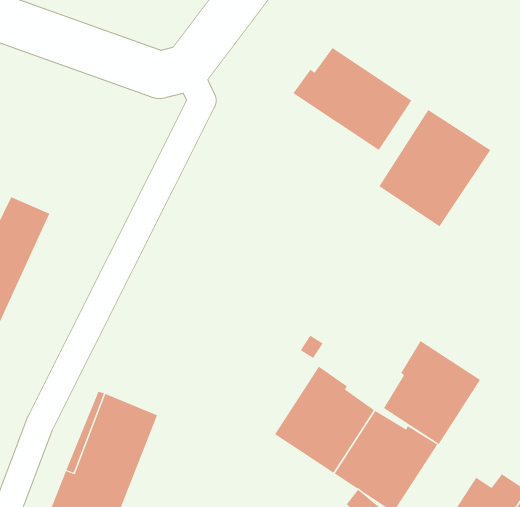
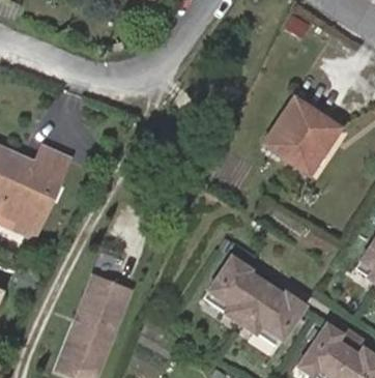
building: [293,47,412,151] -> none
building: [383,340,481,445] -> none

